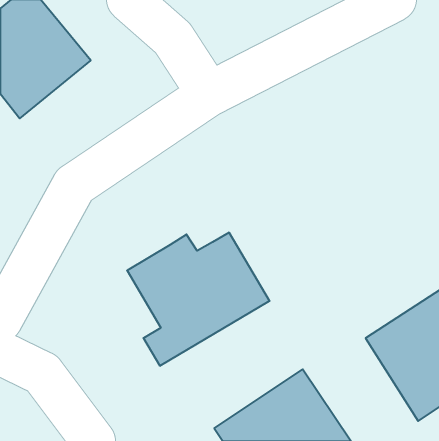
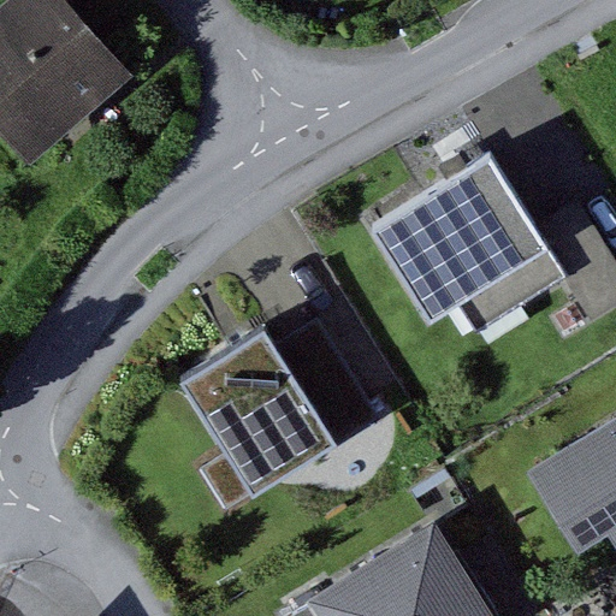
building: none -> [373,158,568,331]

